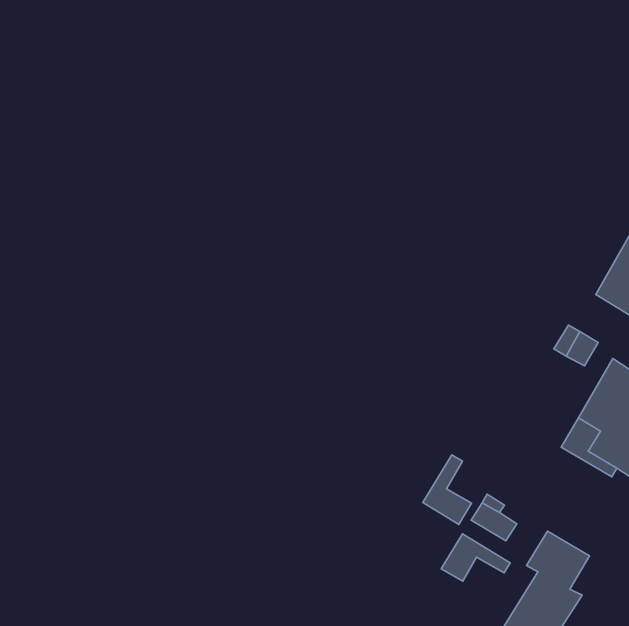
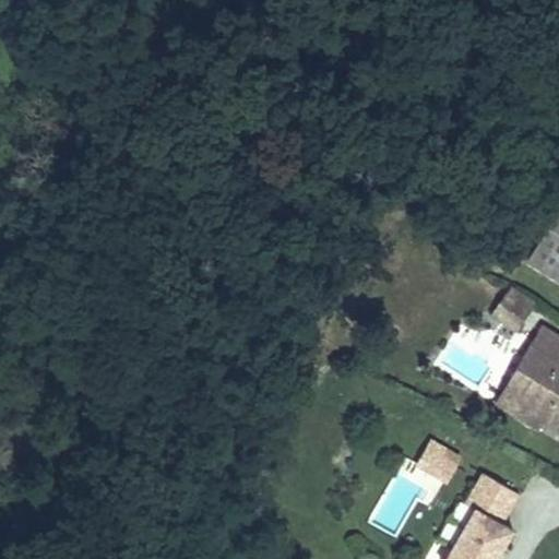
building: [423,455,471,525] -> none
building: [441,534,510,581] -> none

